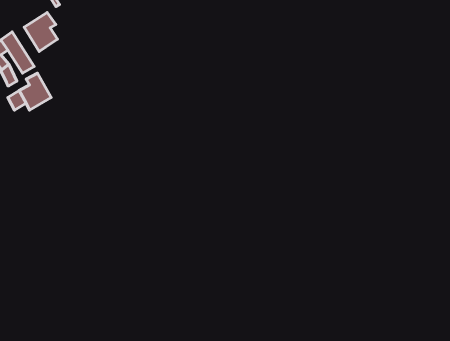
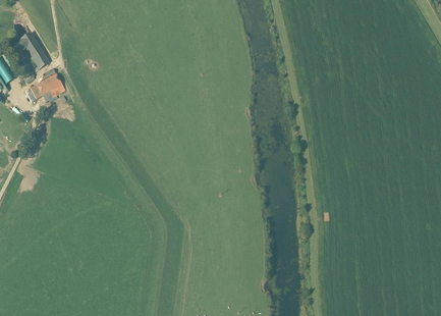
building: [24,13,57,52] -> none

